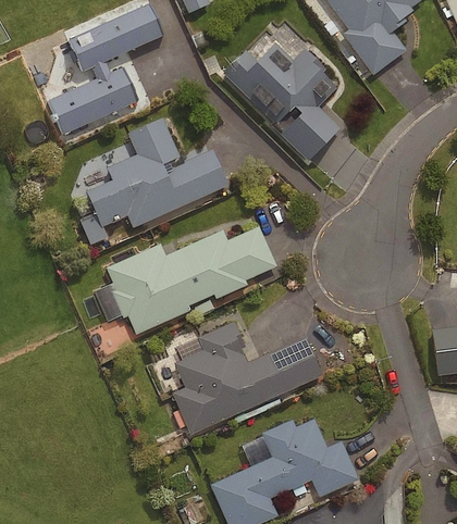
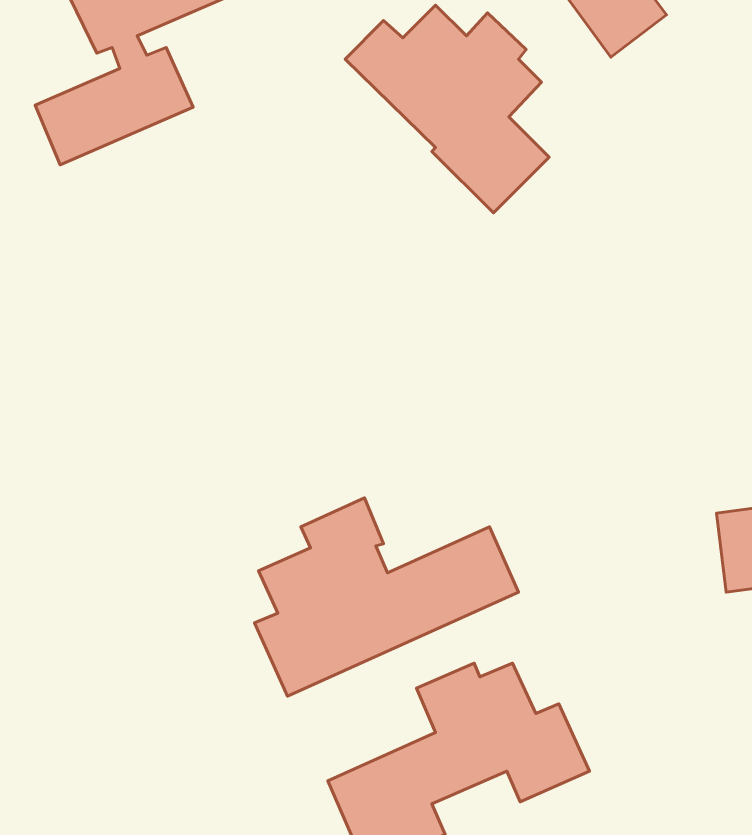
building: [86,118,228,227] -> none
building: [107,226,276,335] -> none

